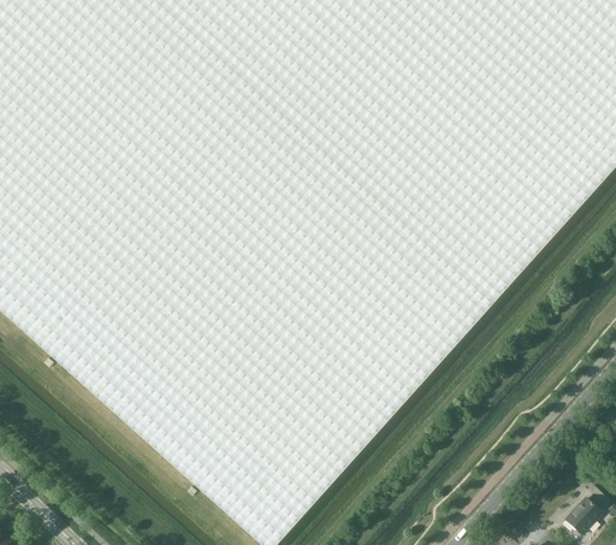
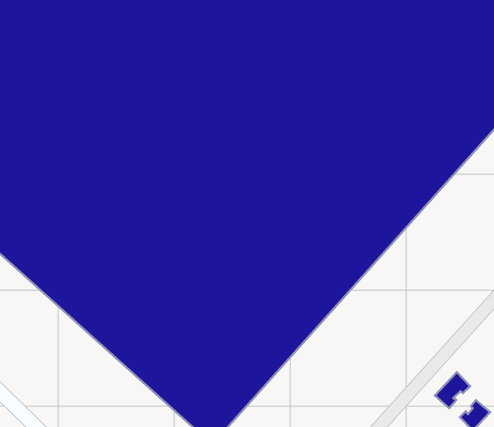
building: none -> [435,372,470,408]

